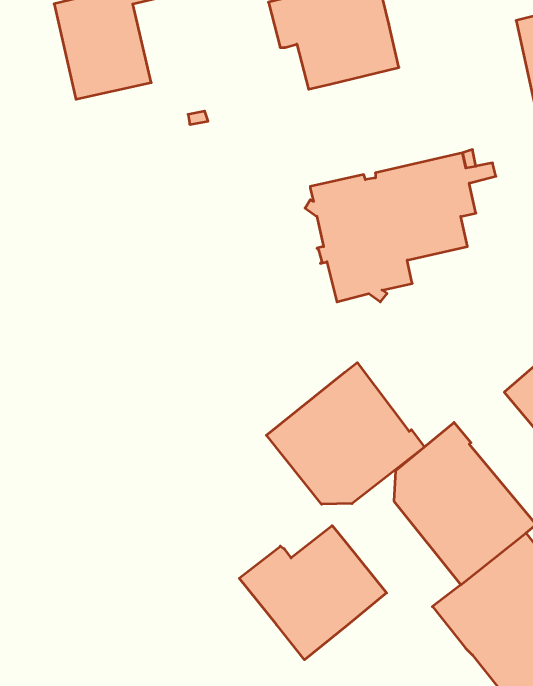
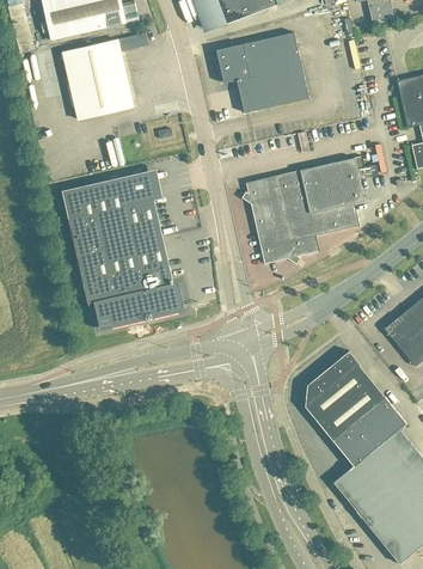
building: none -> [62,170,185,330]
building: [266,363,424,504] -> none
building: [239,526,387,660] -> none

